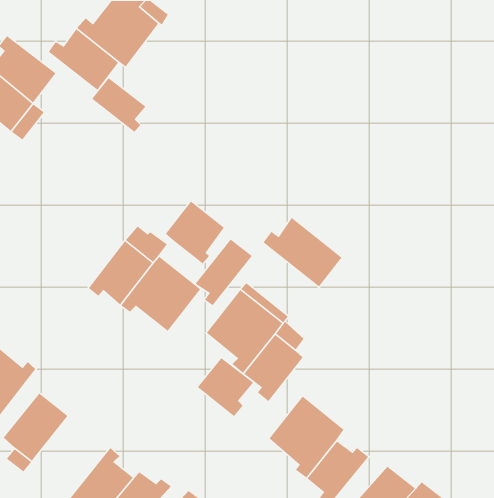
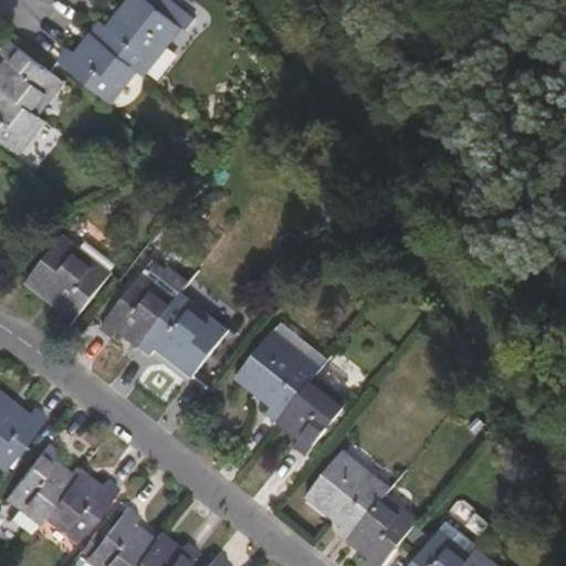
building: [91,77,146,133] -> none
building: [165,200,225,265] -> none
building: none -> [24,235,111,328]
building: [262,217,342,288] -> none
building: [194,239,253,306] -> none
building: [197,357,254,417] -> none
building: none -> [39,472,115,546]

